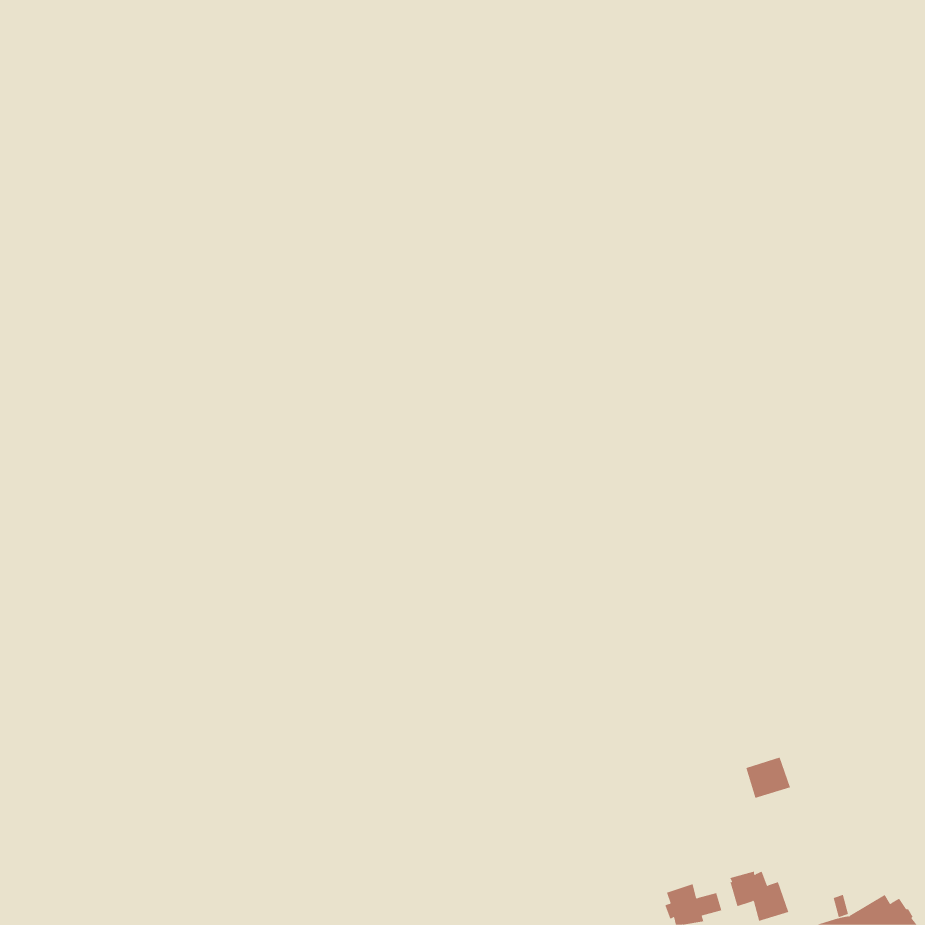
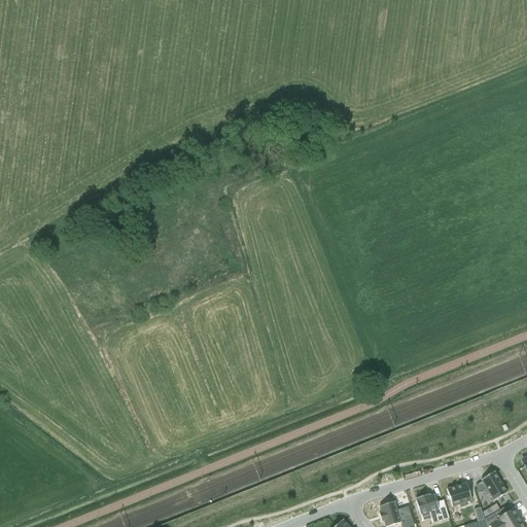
building: [746,757,791,798] -> [446,484,471,507]
building: none -> [481,472,506,501]

